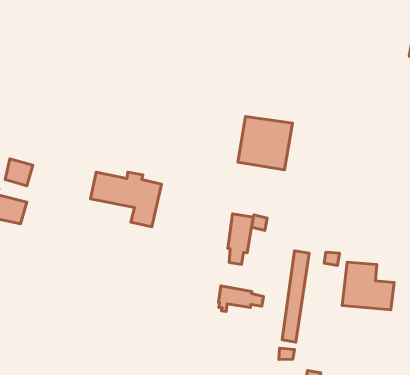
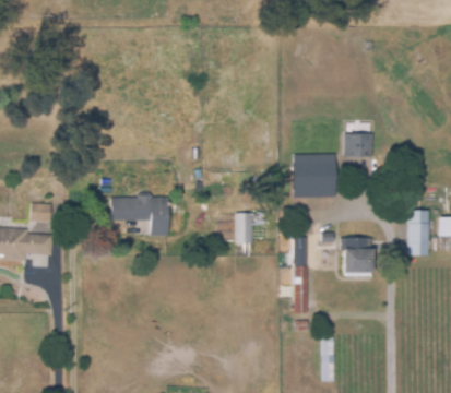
building: [238,117,292,170] -> [294,154,335,195]
building: none -> [343,133,372,156]
building: [218,286,263,312] -> none

